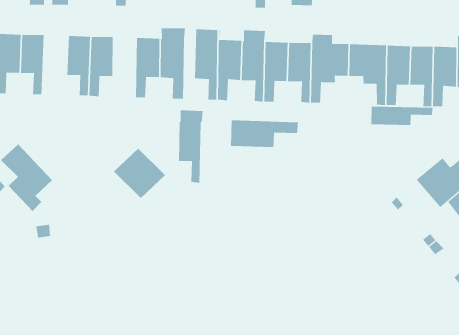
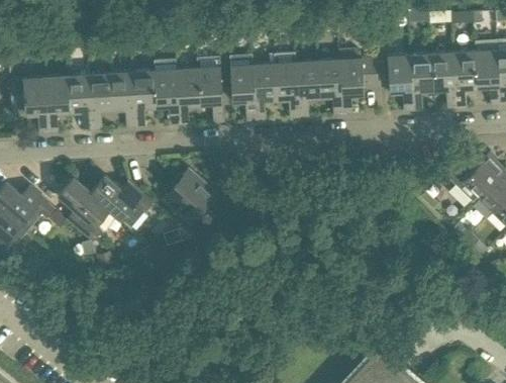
building: none -> [89,73,113,130]
building: [371,106,433,126] -> none
building: [178,110,204,183] -> [154,58,179,125]
building: [230,120,298,148] -> none
building: none -> [91,176,153,227]

